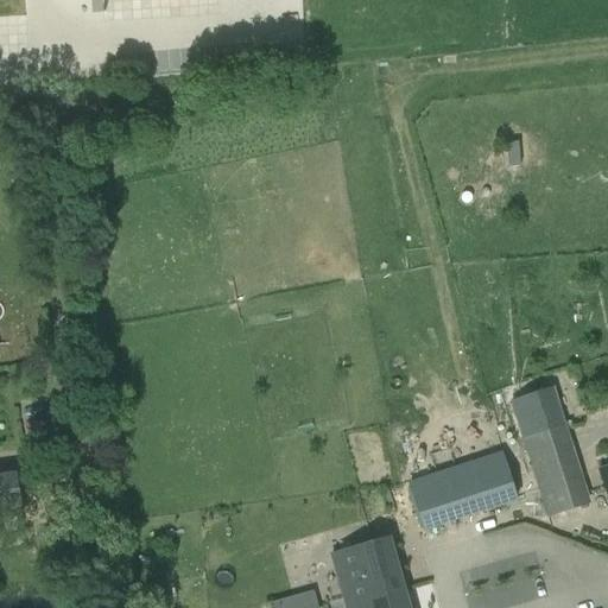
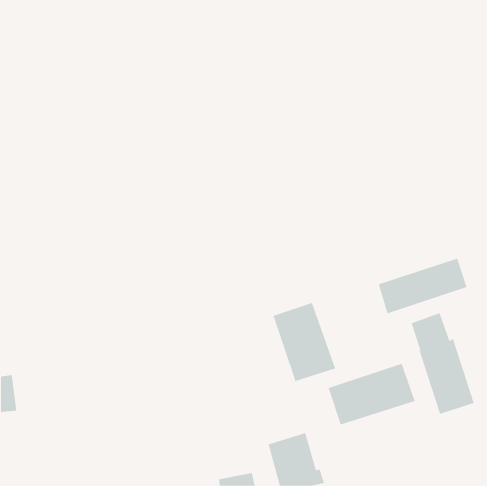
building: none -> [378,258,467,314]
building: none -> [273,302,336,382]

